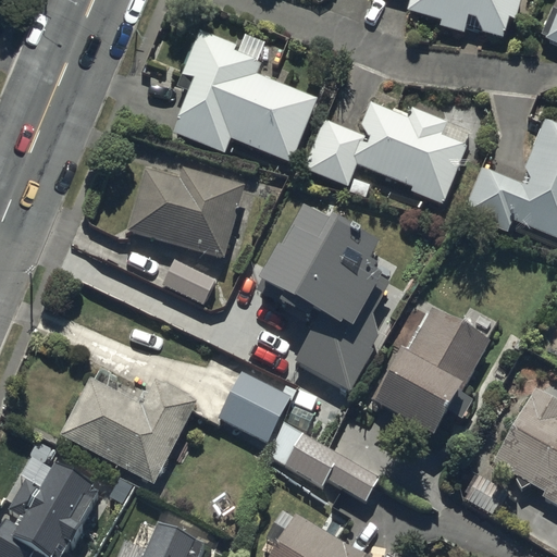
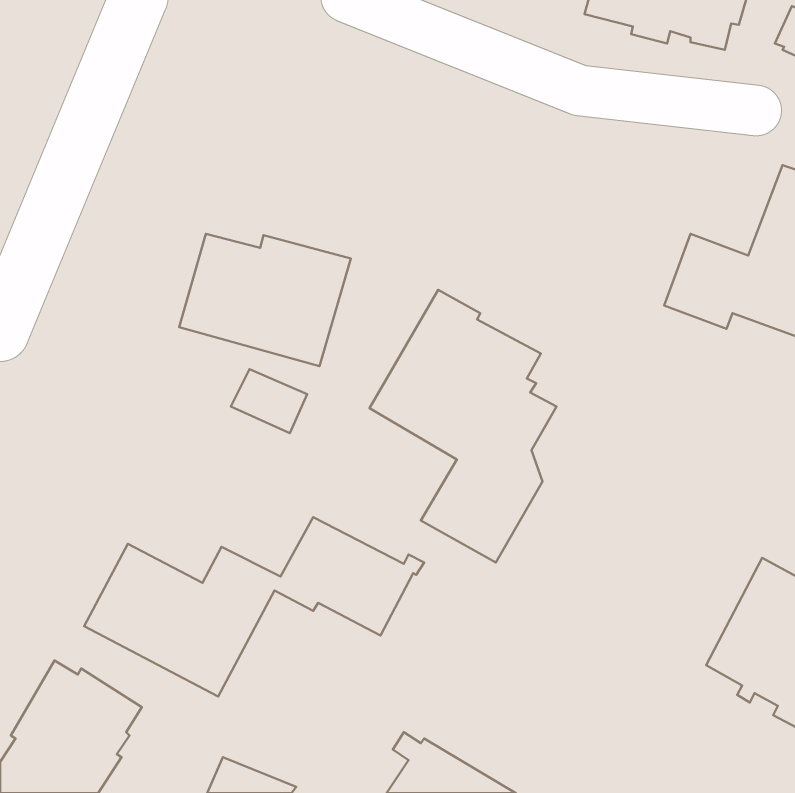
building: [173,27,320,160] -> none
building: [305,99,471,202] -> none
building: [369,310,487,440] -> none
building: [267,425,381,504] -> none

